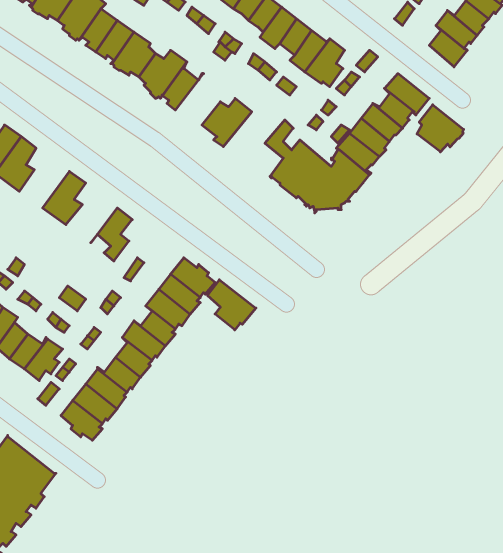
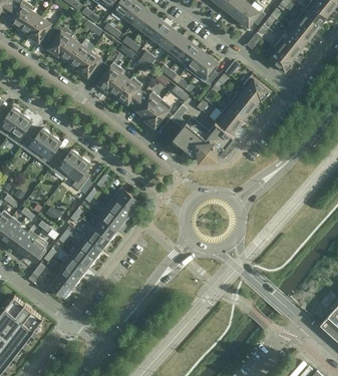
building: none -> [115,76,142,107]
building: [417,105,464,152] -> none
building: none -> [144,99,172,130]
building: none -> [21,128,51,157]
building: none -> [49,149,80,178]
building: [208,280,256,330] -> none

